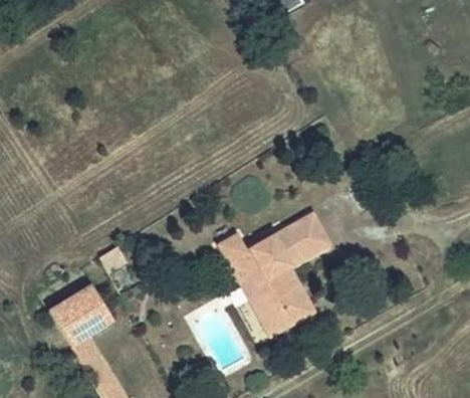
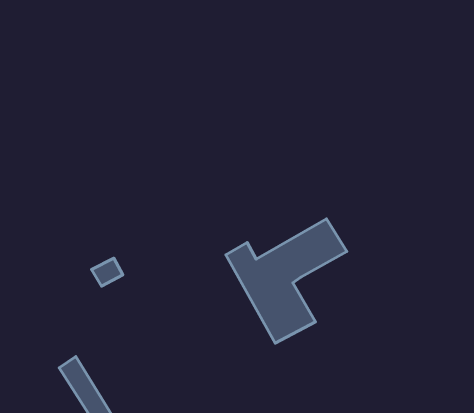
building: [264,264,314,336] -> none
building: [49,285,113,346] -> none

